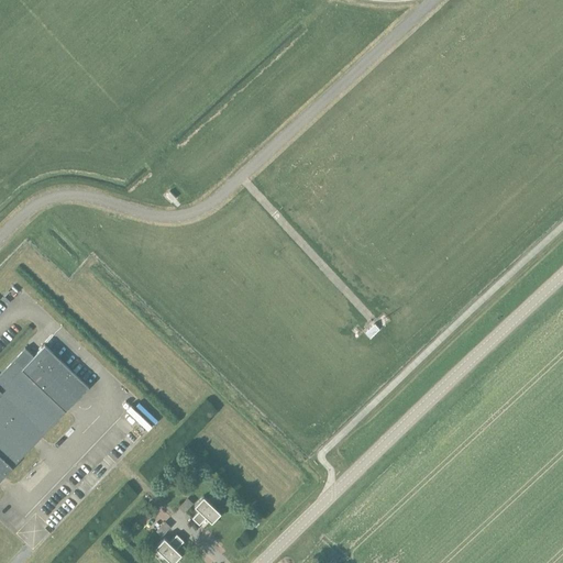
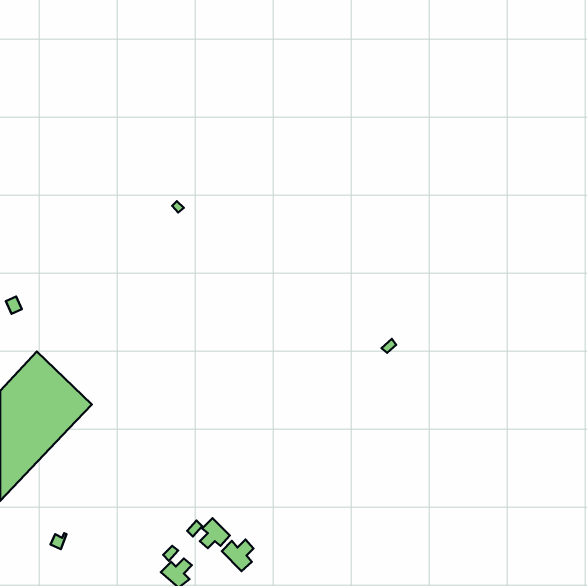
building: none -> [222,539,253,571]

